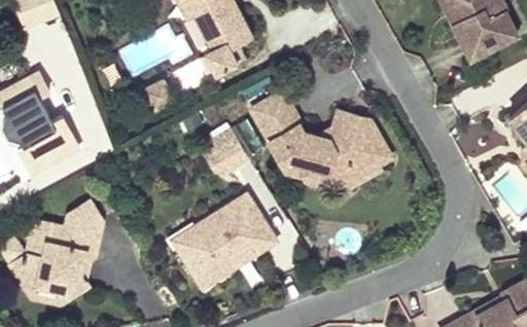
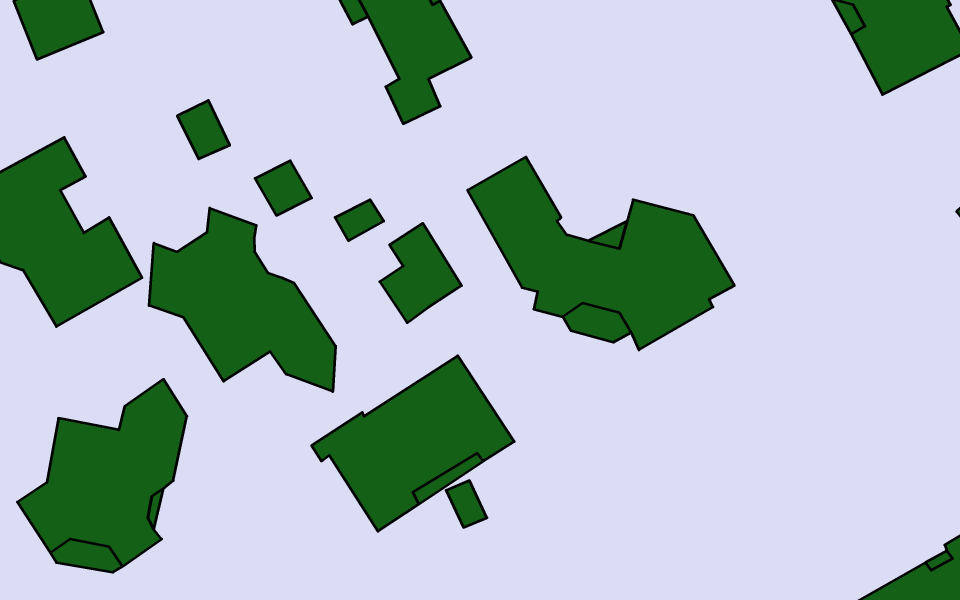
building: none -> [149,208,336,392]

